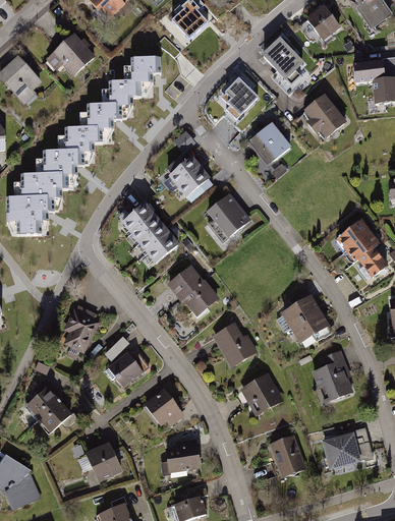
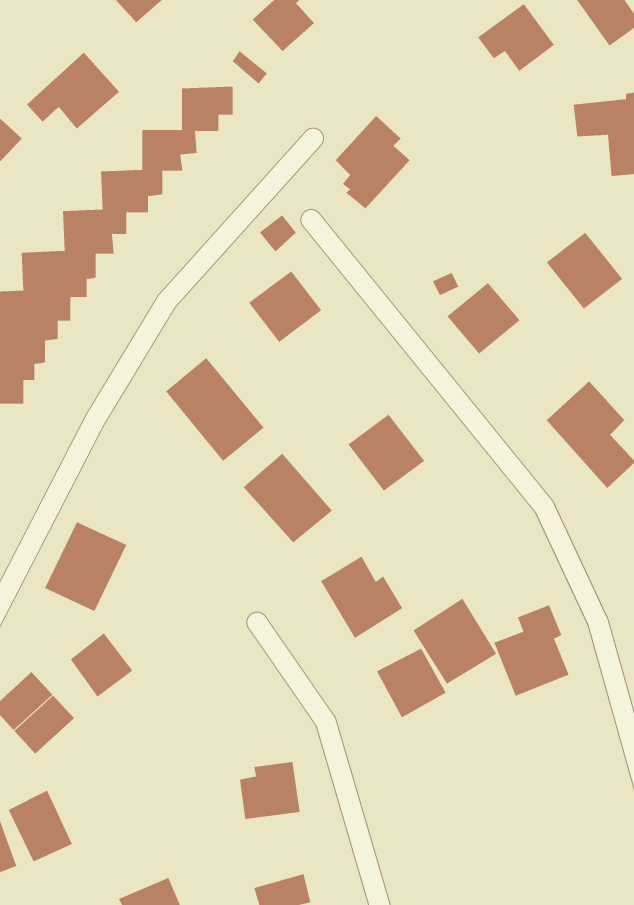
building: [263,43,307,89] -> none
building: [300,96,344,139] -> [546,232,623,309]
building: [246,123,288,164] -> [446,282,521,354]
building: [208,195,251,239] -> [347,414,425,491]
building: [283,295,331,344] -> [412,598,497,685]
building: [105,345,140,382] -> [70,633,133,698]
building: [144,384,185,424] -> none
building: [268,429,302,471] -> none
building: [323,432,364,470] -> none
building: [83,437,120,477] -> [8,790,73,862]

